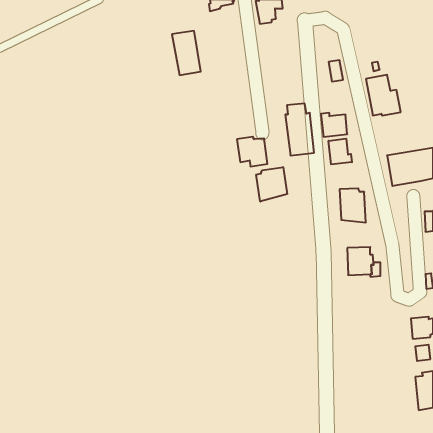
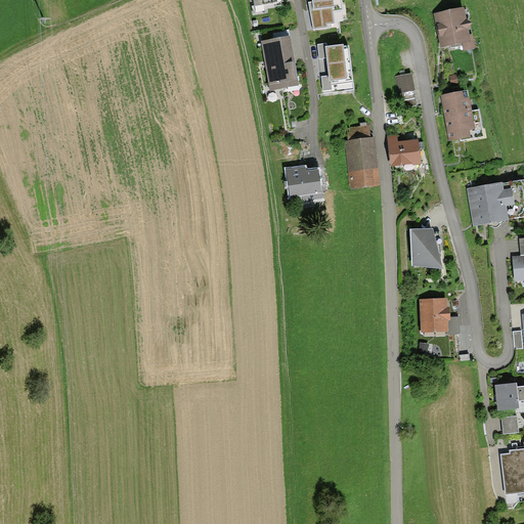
building: none -> [433,6,475,49]
building: [172,31,201,75] -> [261,34,296,87]
building: none -> [316,42,353,92]
building: [329,139,352,164] -> none
building: [256,167,287,202] -> none

